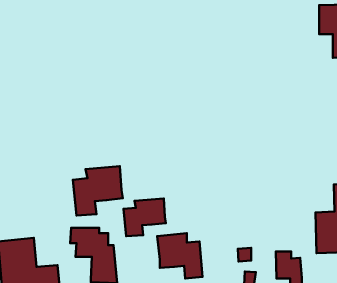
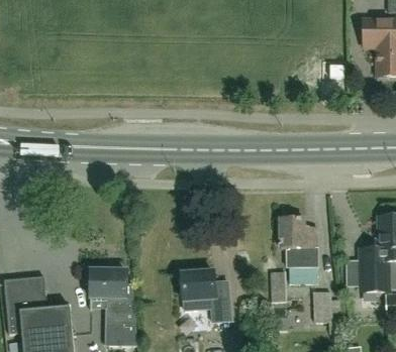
building: [73,166,123,216] -> none
building: none -> [278,218,317,284]
building: [124,199,166,236] -> none

